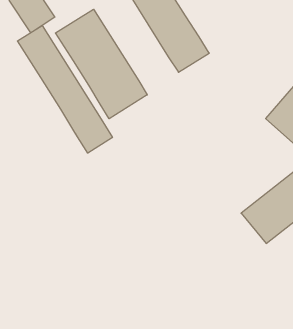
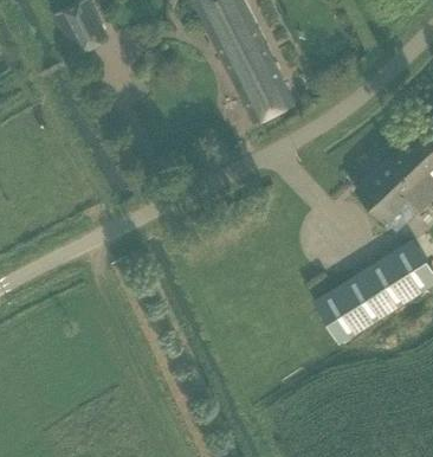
building: [55,9,147,119] -> none
building: [17,26,112,153] -> none

